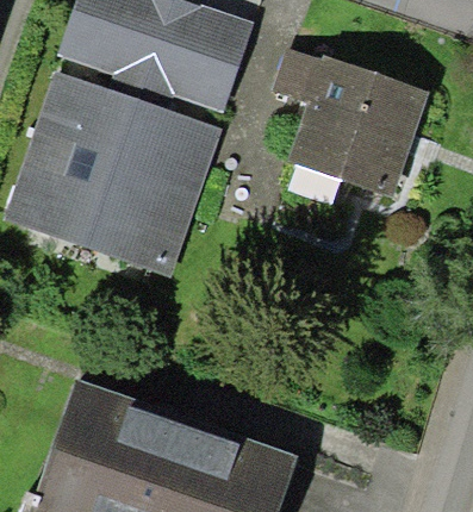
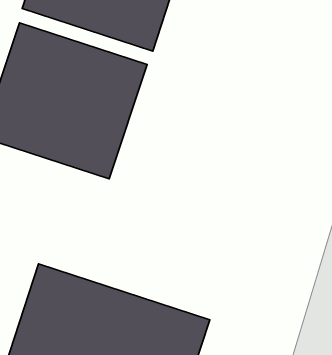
building: [273,50,431,199] -> none

